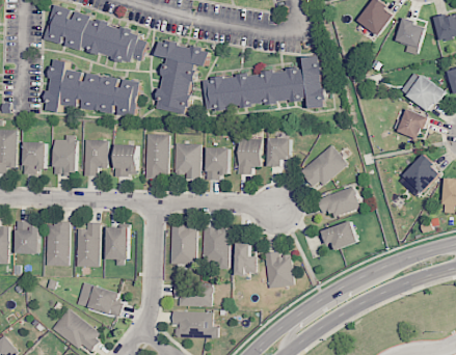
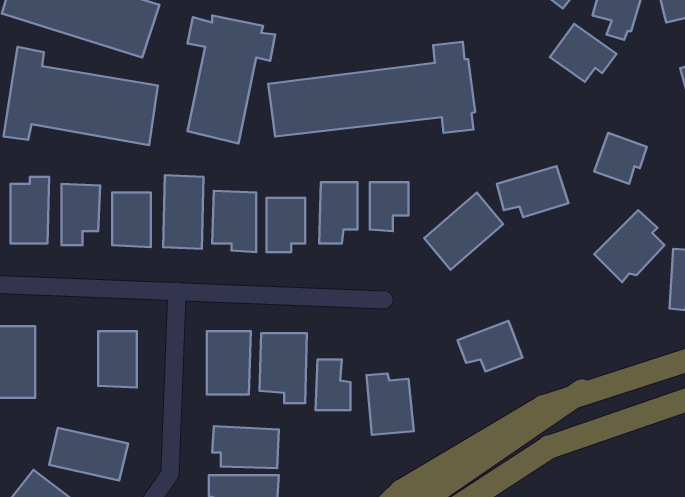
building: [408,76,448,110] -> [550,24,616,82]
building: [316,187,358,217] -> [497,166,569,217]
building: [75,222,99,267] -> none

